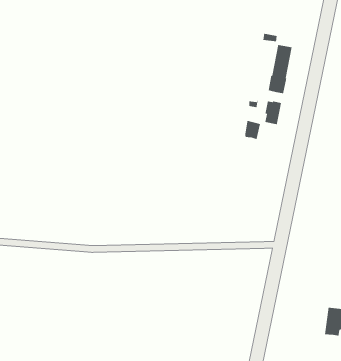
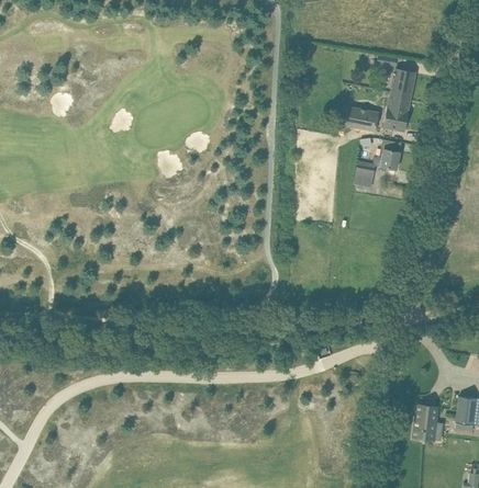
building: none -> [339,104,379,130]
building: none -> [414,404,438,439]

